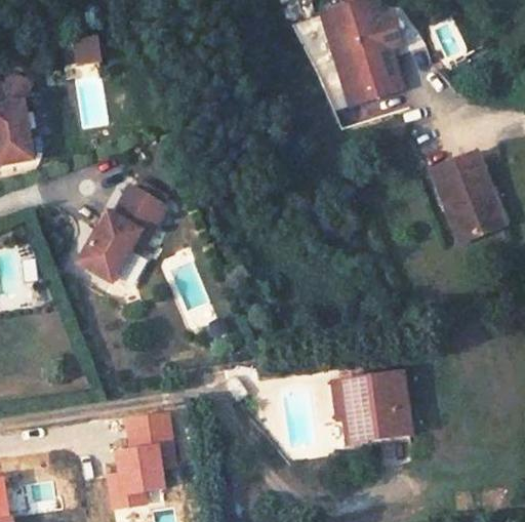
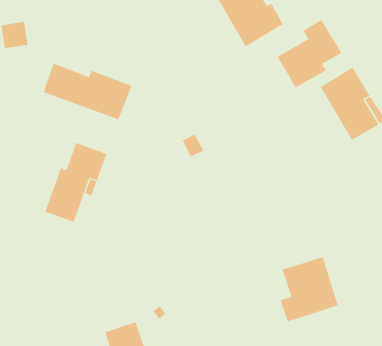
building: none -> [43,63,132,120]
building: none -> [277,19,342,88]
building: [335,364,364,414] -> none

